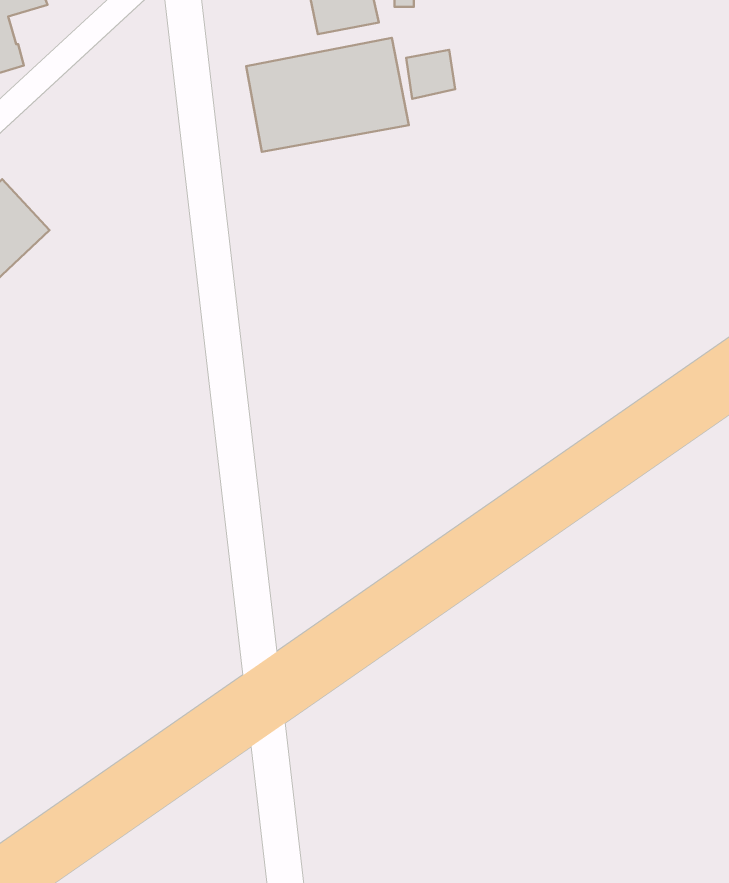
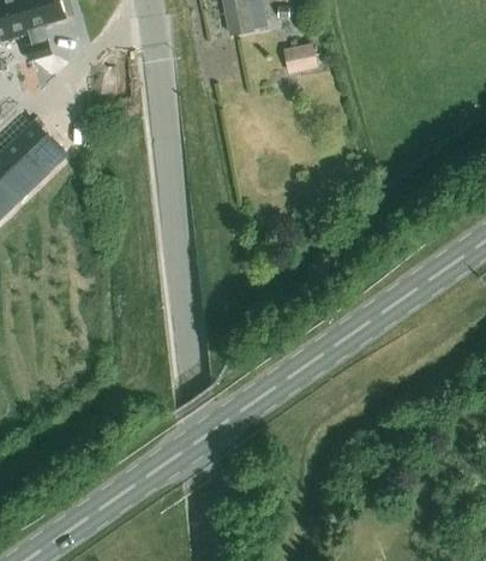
building: [246,38,409,152] -> none

